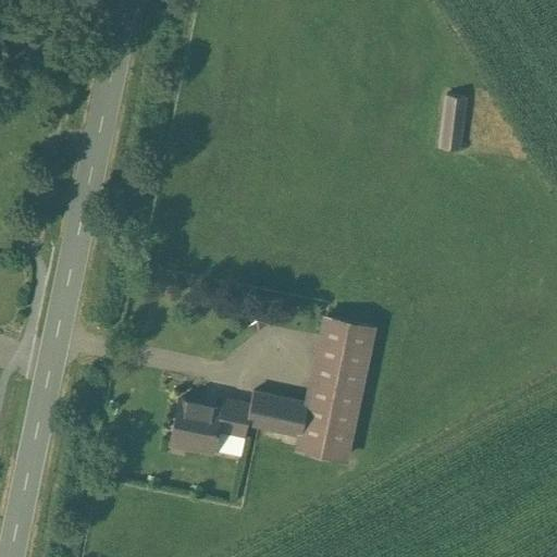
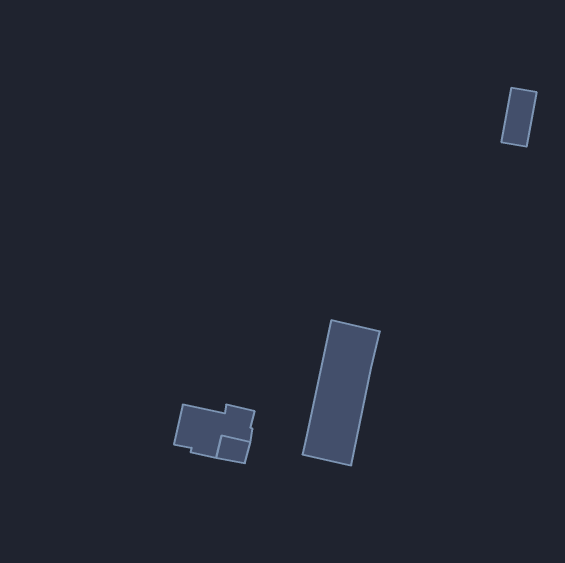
building: [438,94,473,151] -> [501,88,537,147]
building: [247,393,308,435] -> none

